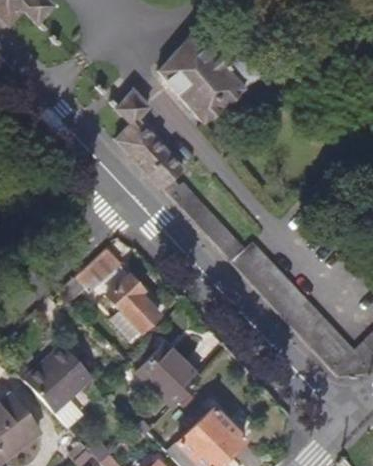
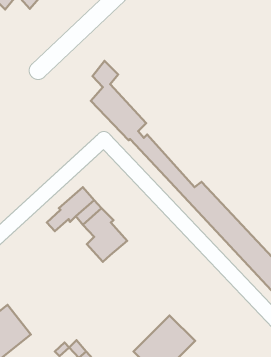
building: [157,28,269,125] -> none
building: [136,342,201,407] -> none
building: [25,346,91,411] -> none

